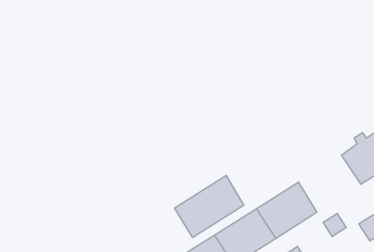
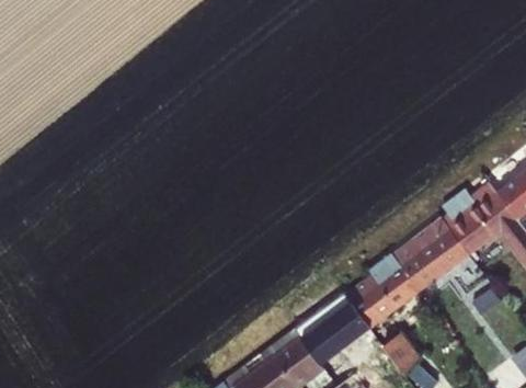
building: none -> [395,219,471,293]
building: [174,176,244,237] -> none

